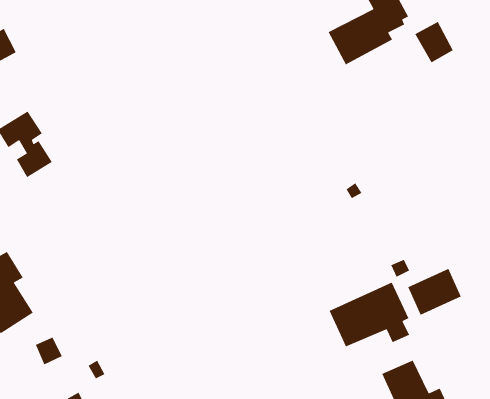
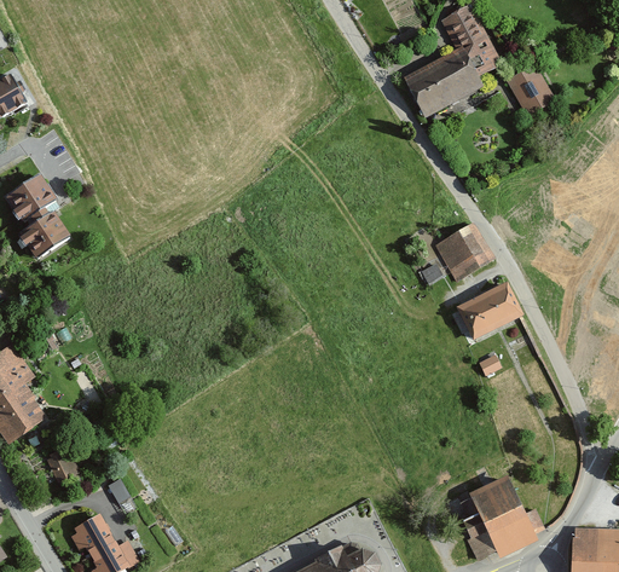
building: none -> [434,224,491,281]
building: [407,268,462,316] -> [453,285,520,343]
building: [328,282,410,347] -> none

